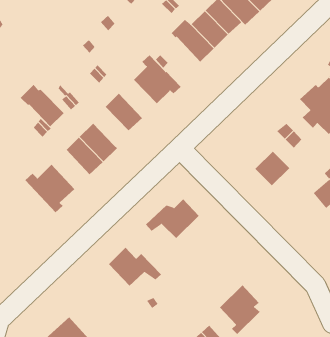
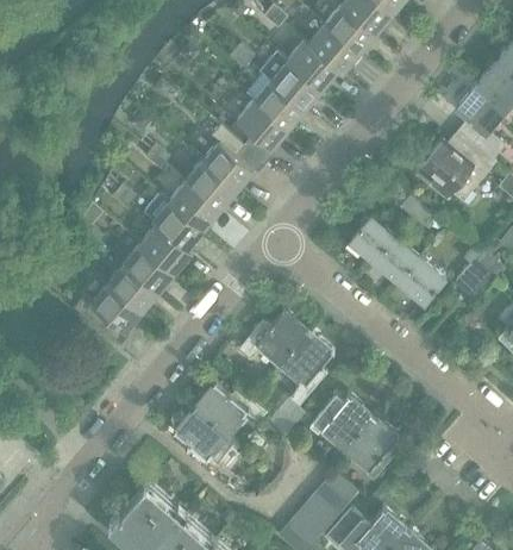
building: none -> [234,100,287,164]
building: none -> [184,162,236,211]
building: [20,84,64,127] -> [142,195,202,250]
building: none -> [349,215,394,262]
building: none -> [106,263,157,313]
building: none -> [398,256,444,304]
building: none -> [265,331,332,440]
building: none -> [173,407,225,476]
building: none -> [308,395,373,456]

